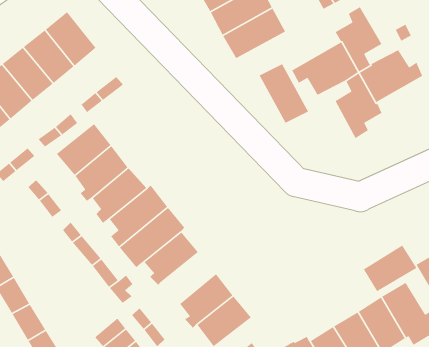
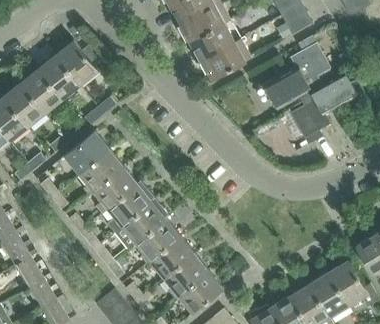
building: [259,63,309,124] -> none
building: [363,244,418,292] -> none
building: none -> [149,236,194,278]

